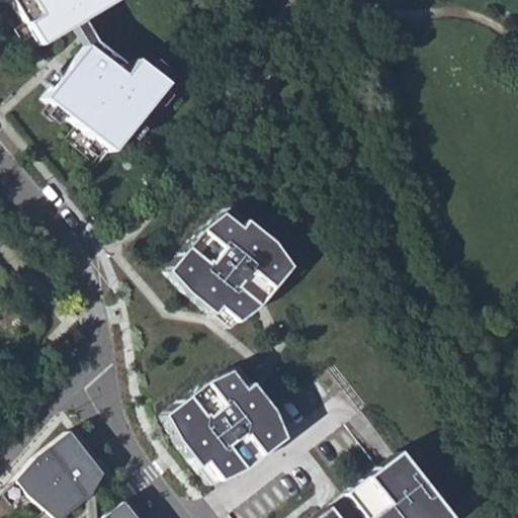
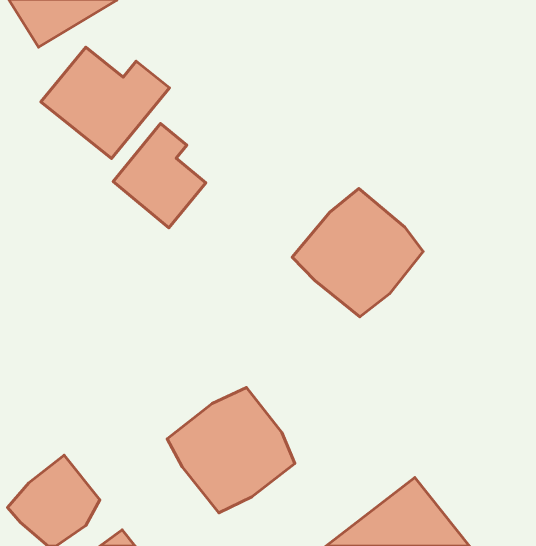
building: none -> [113,123,206,228]
building: [172,206,295,328] -> [292,188,423,317]

